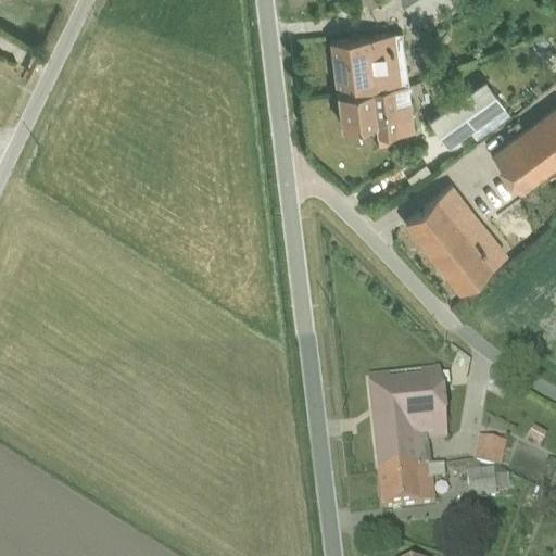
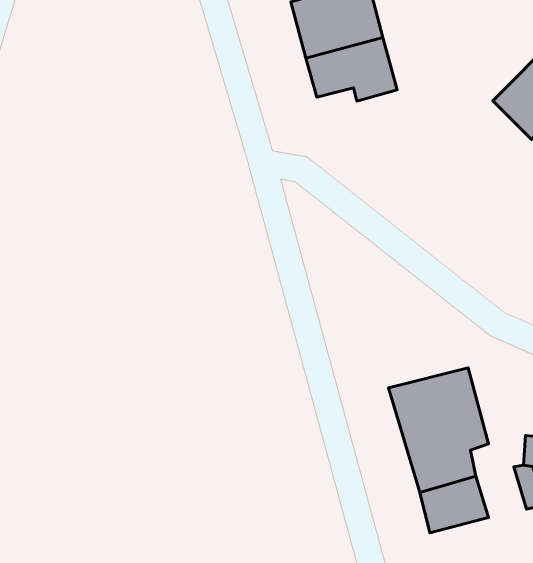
building: [430,81,510,148] -> none
building: [410,190,507,293] -> none

